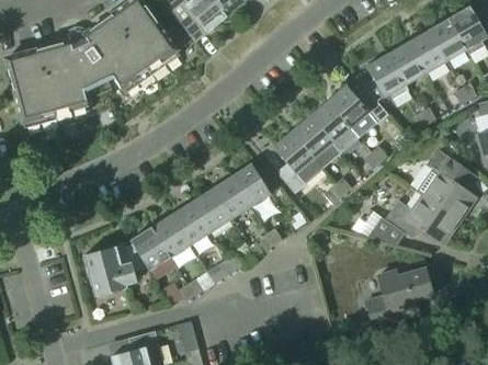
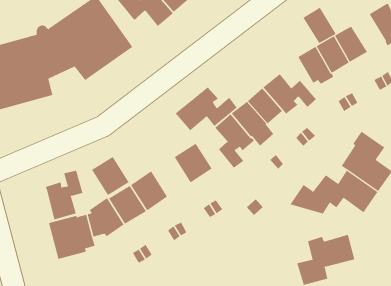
building: [428,18,466,60] -> [302,6,336,44]
building: none -> [175,86,238,132]
building: [201,180,245,225] -> [91,156,130,196]
building: none -> [45,170,83,220]

